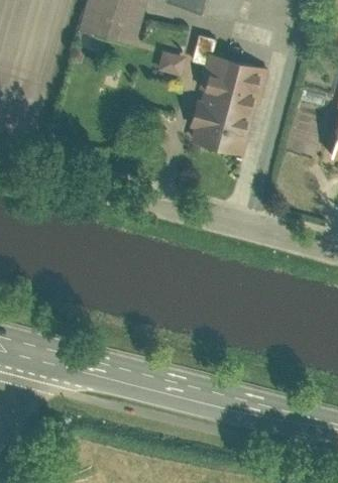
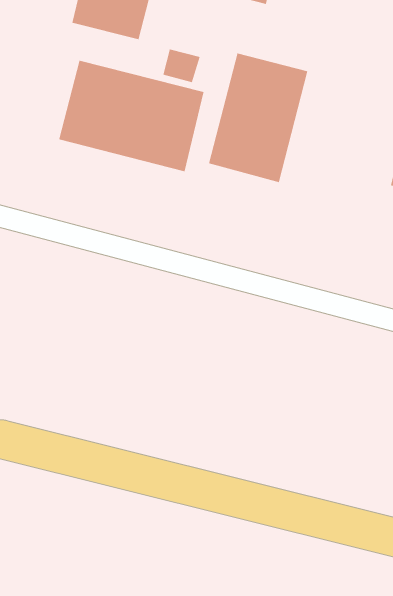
building: none -> [59,60,204,172]

